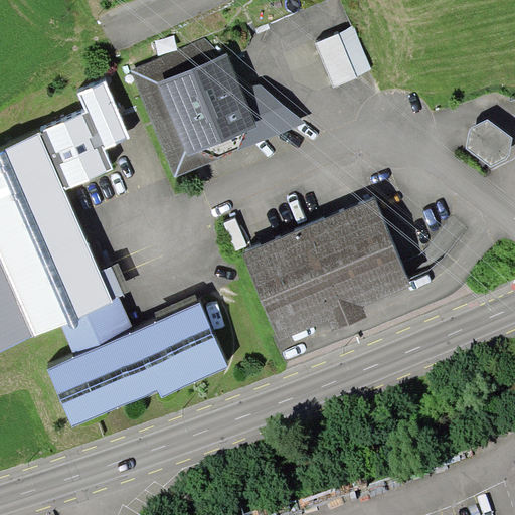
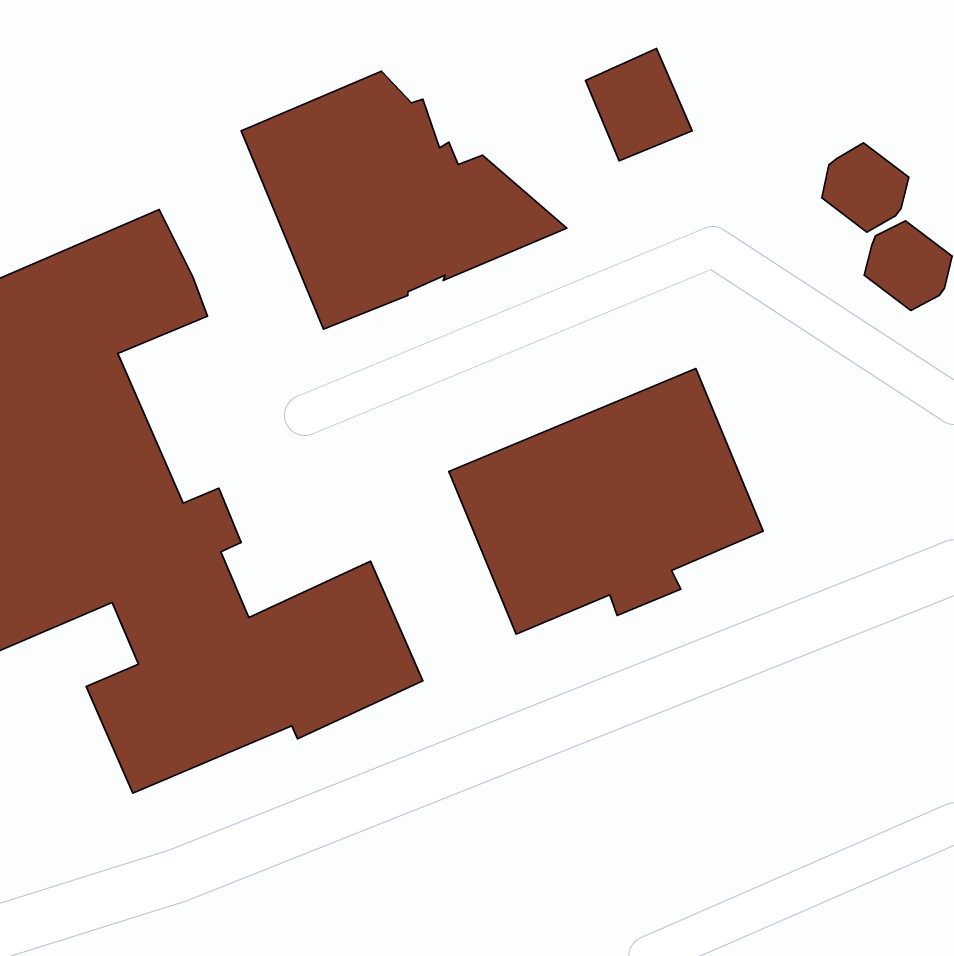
building: none -> [822,143,909,232]
building: [76,79,130,149] -> none

